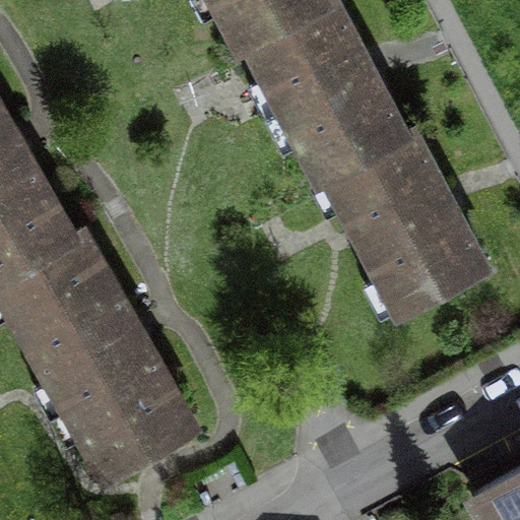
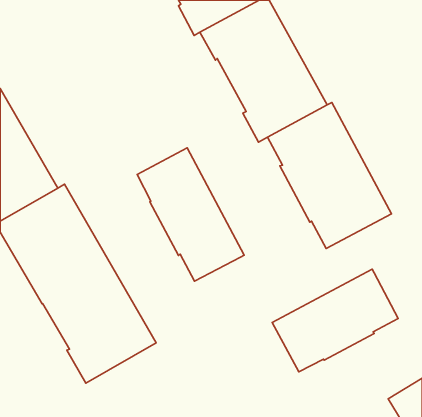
building: none -> [137,148,244,281]
building: none -> [272,269,398,372]

